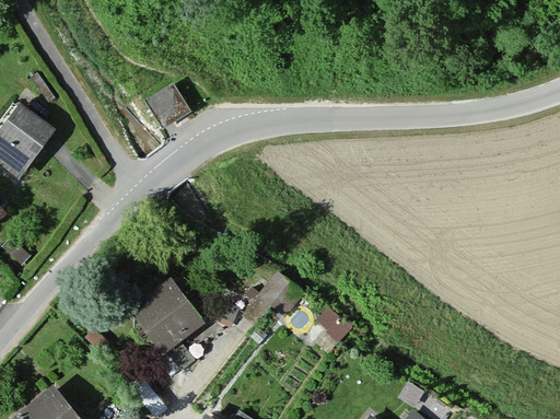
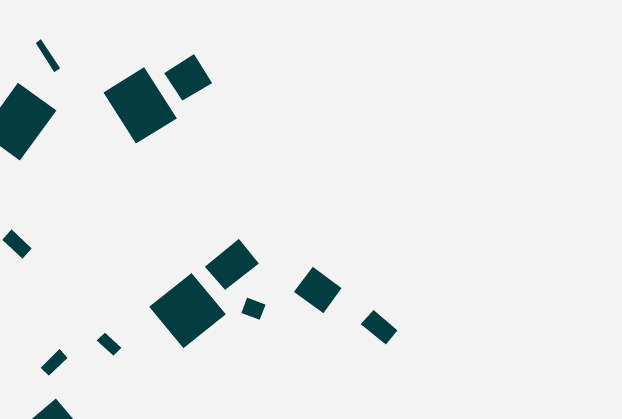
building: none -> [102,66,178,145]
building: none -> [204,238,260,291]

